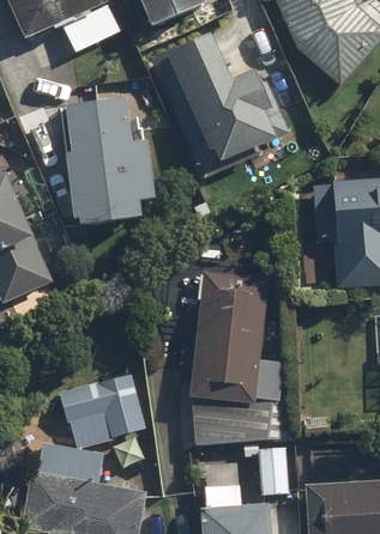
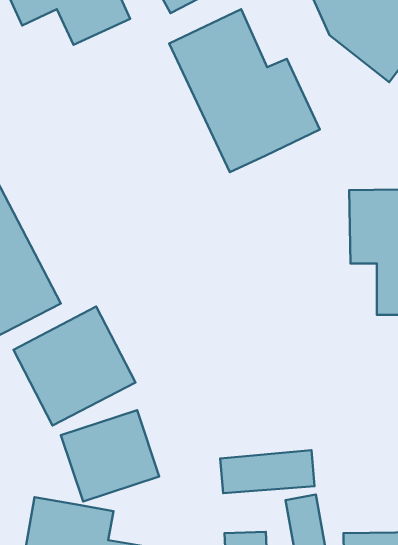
building: [64,96,157,223] -> none
building: [185,271,282,401] -> none
building: none -> [13,307,135,426]

